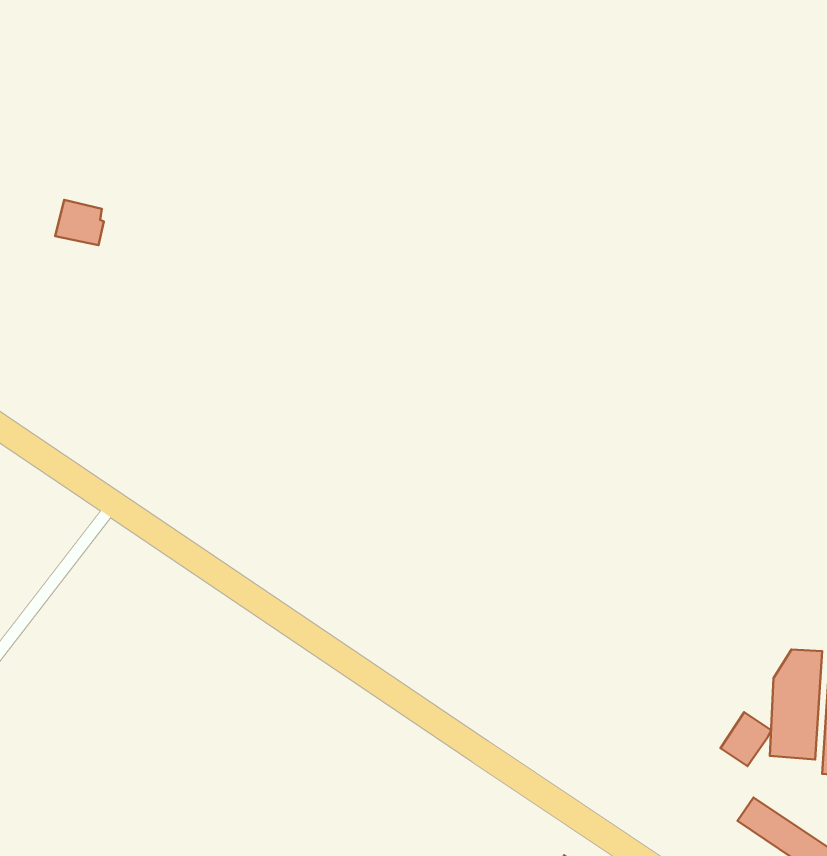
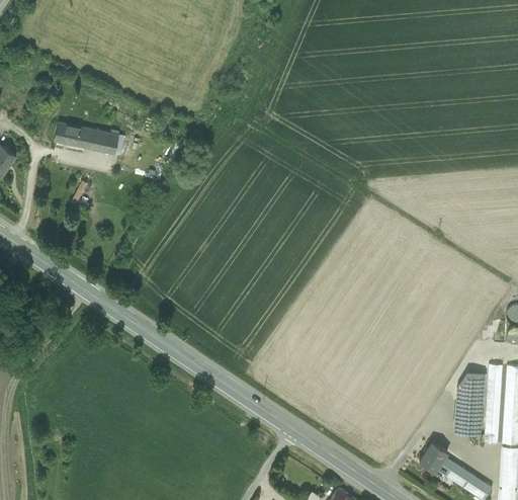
building: none -> [78,127,119,155]
building: [721,712,771,766] -> [419,442,447,473]

